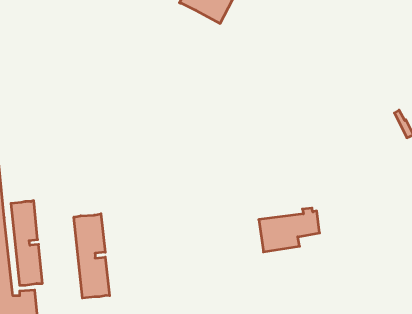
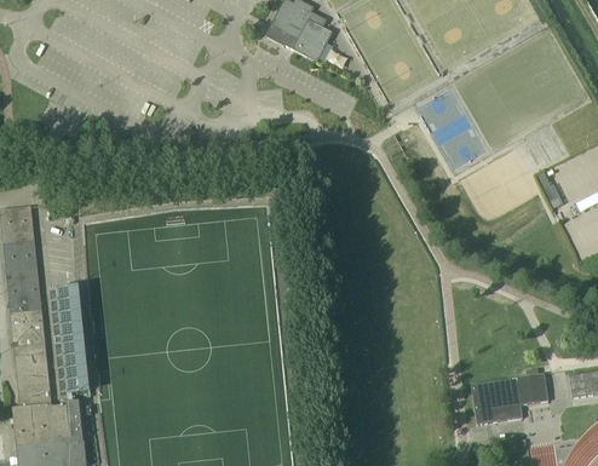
building: [259,208,320,252] -> [470,369,547,425]
building: [74,214,110,298] -> none

